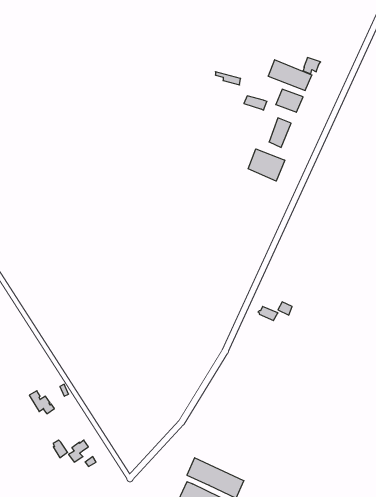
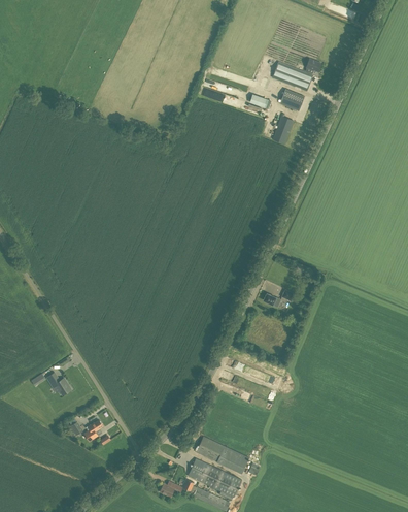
building: [248,149,285,181] -> none

